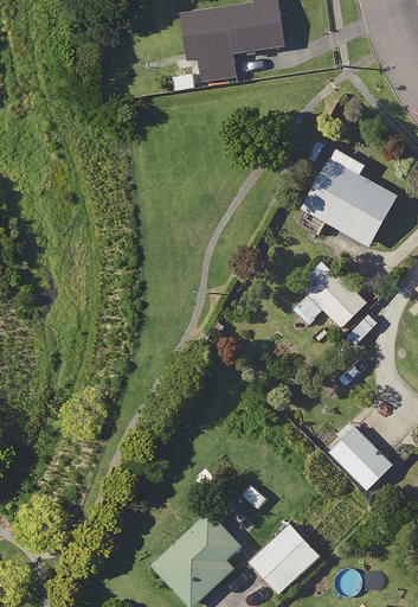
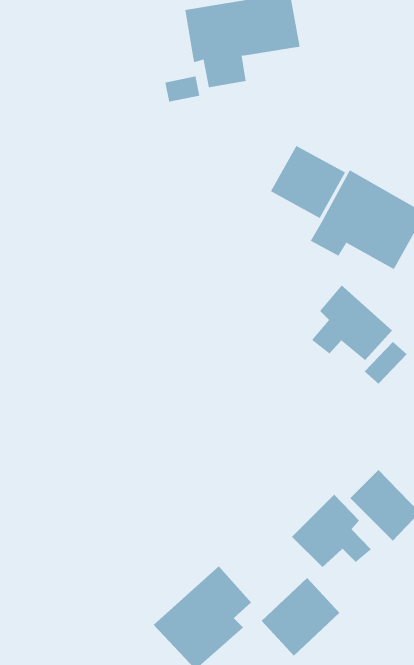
building: none -> [270,145,346,219]
building: none -> [291,494,372,568]

